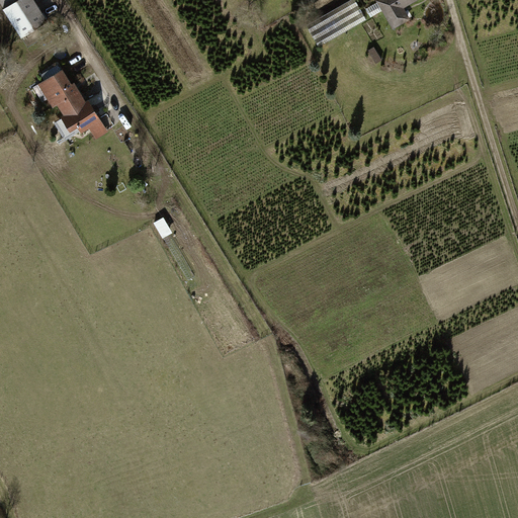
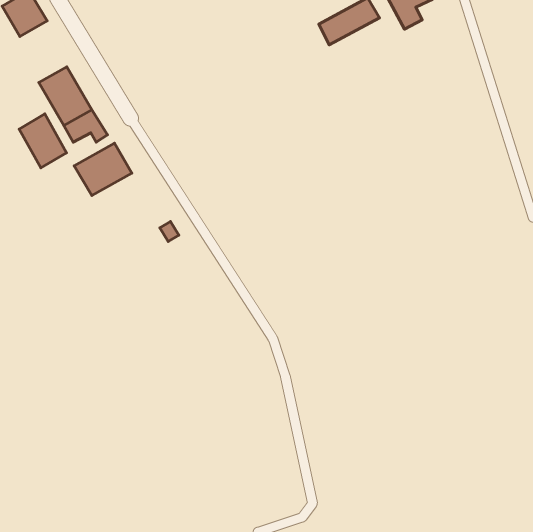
building: none -> [19,114,67,168]
building: none -> [74,143,132,196]

